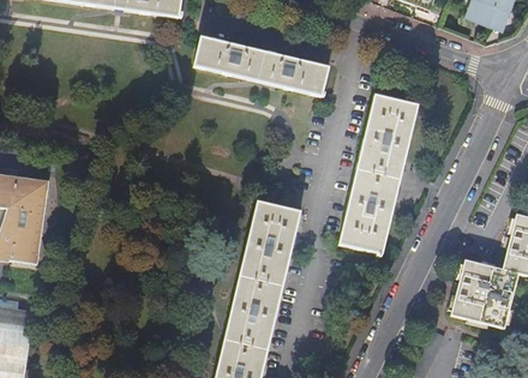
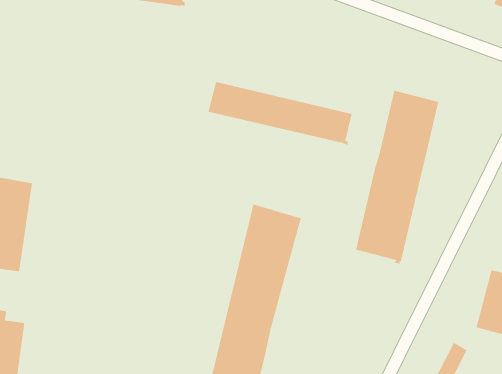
building: [197,36,331,96] -> [208,81,353,146]

